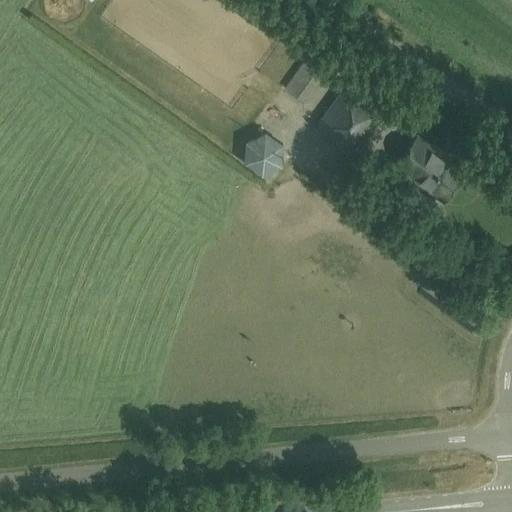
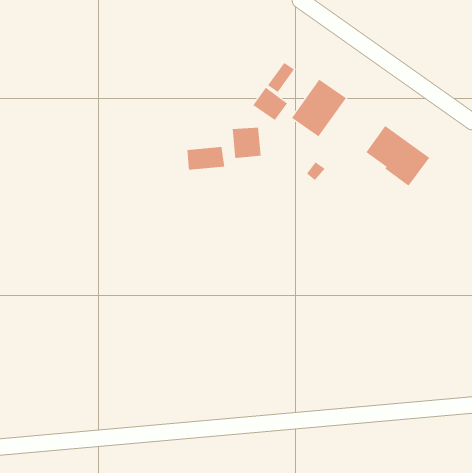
building: none -> [253,87,288,121]
building: none -> [187,146,225,171]

